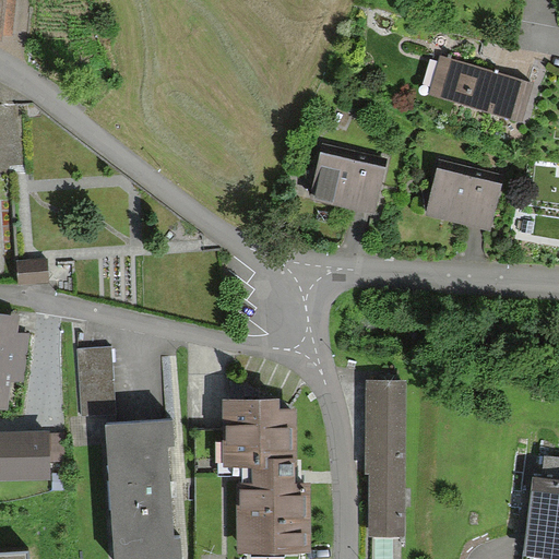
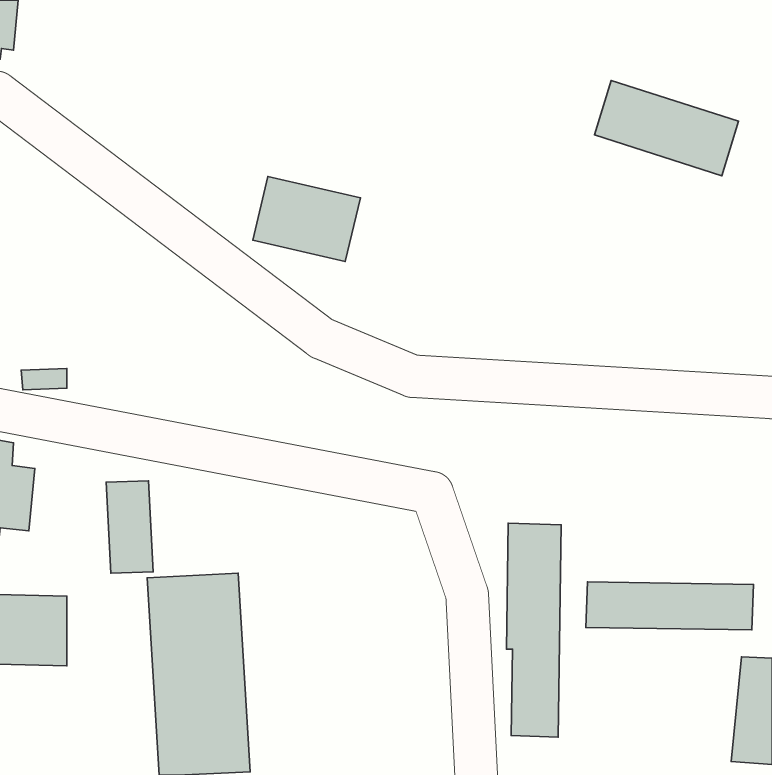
building: [308,157,385,218] -> [253,177,360,262]
building: [423,171,500,234] -> none
building: [224,393,307,544] -> none
building: none -> [586,582,753,630]

